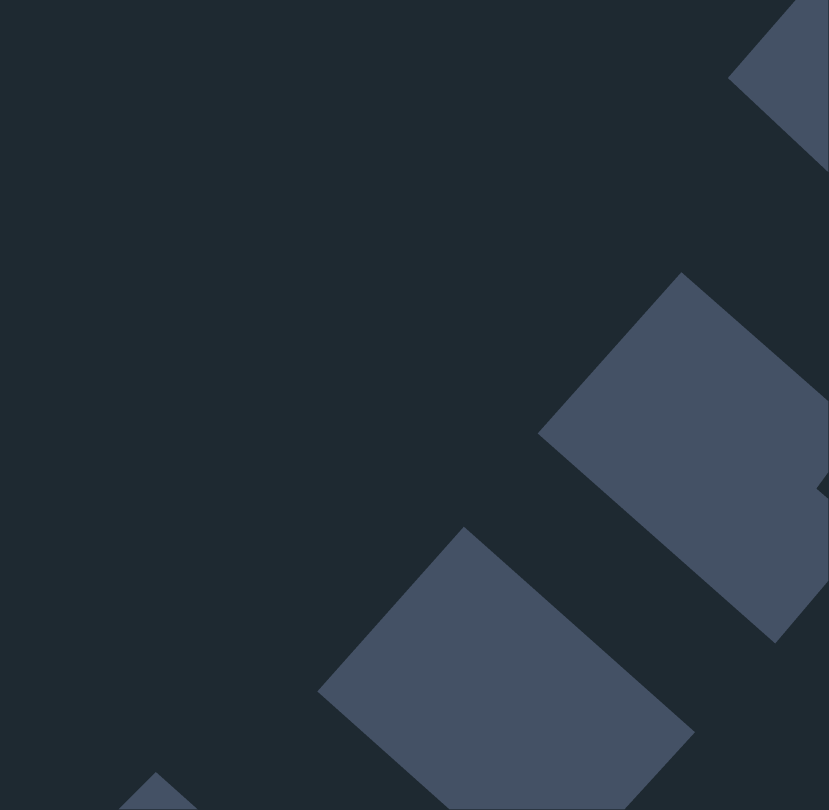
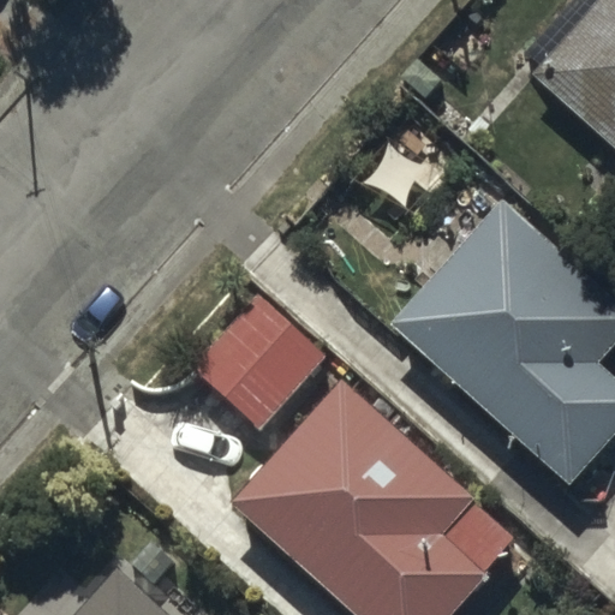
building: none -> [195,300,322,429]

